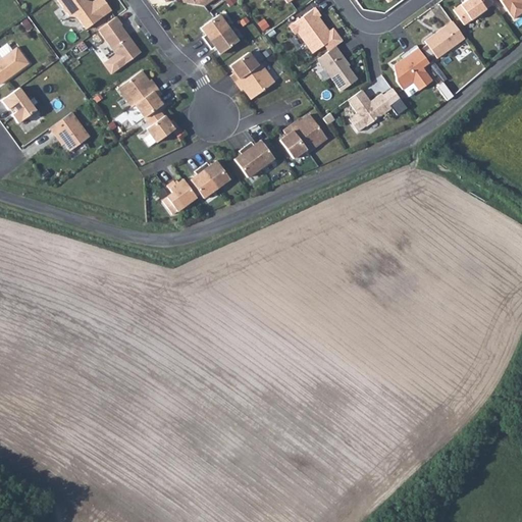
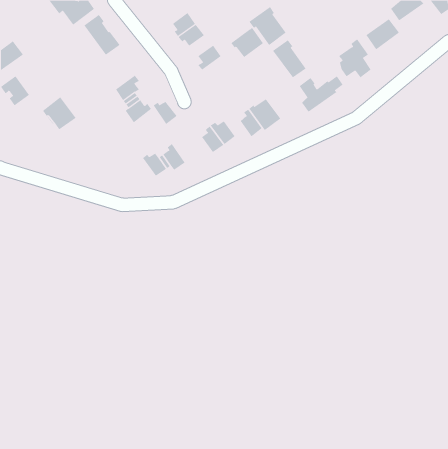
building: [236,63,274,99] -> [231,27,264,58]
building: [119,70,158,106] -> none
building: [201,161,229,189] -> [153,101,177,125]

